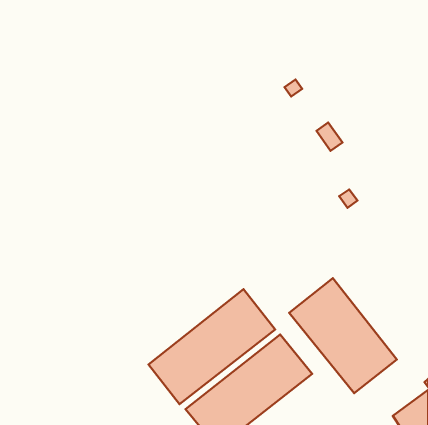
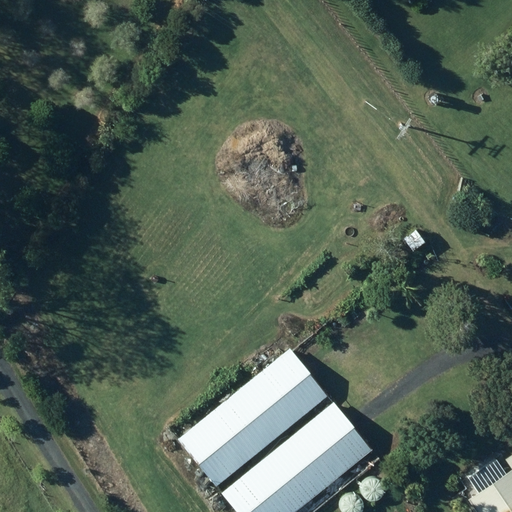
building: [289,278,397,393] -> none

